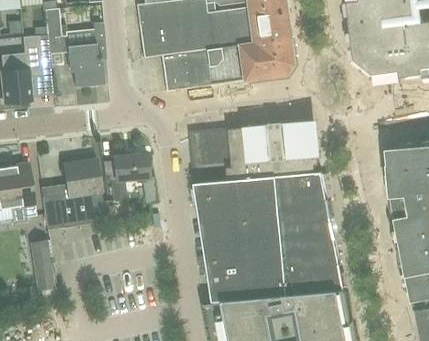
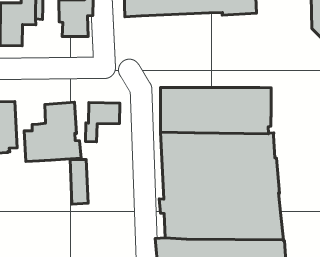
building: [160,38,292,91] -> none
building: [29,240,54,292] -> [70,159,88,204]

